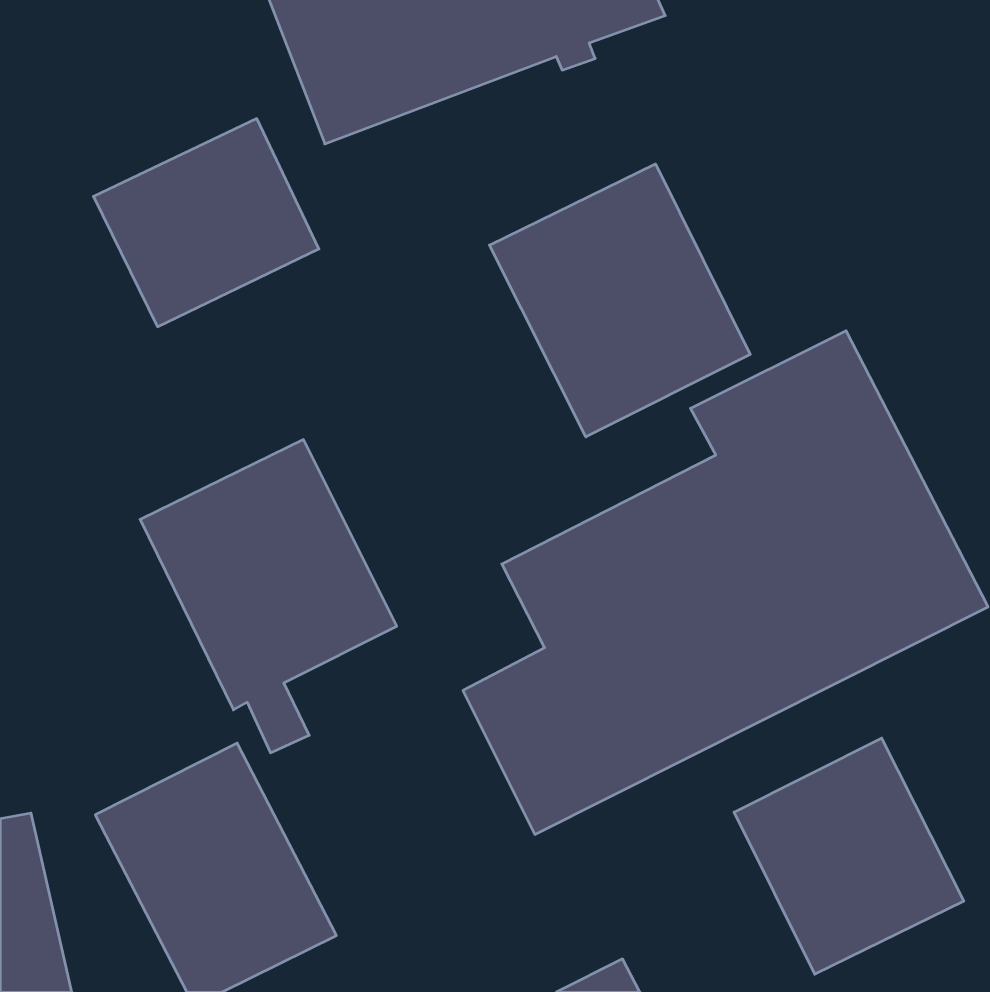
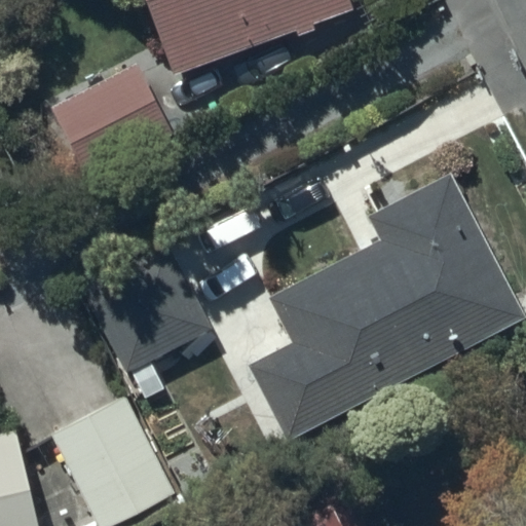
building: [489,164,750,437] -> none
building: [734,738,964,974] -> none

